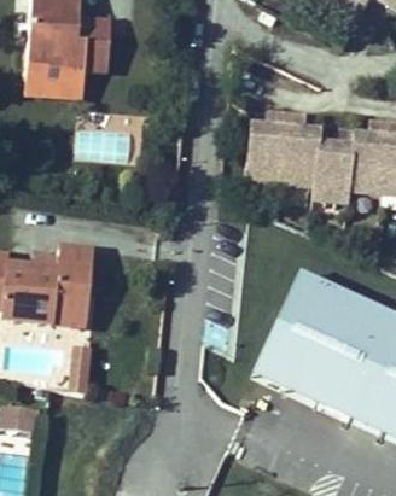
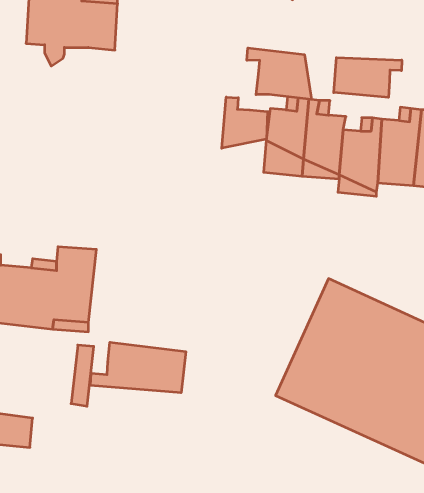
building: none -> [247,48,312,99]
building: none -> [334,58,402,97]
building: none -> [222,97,268,148]
building: none -> [91,342,186,393]

